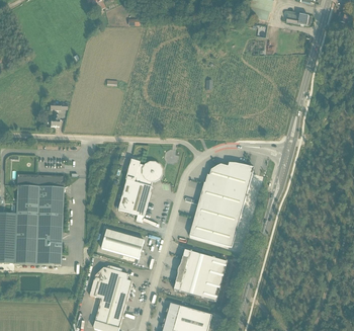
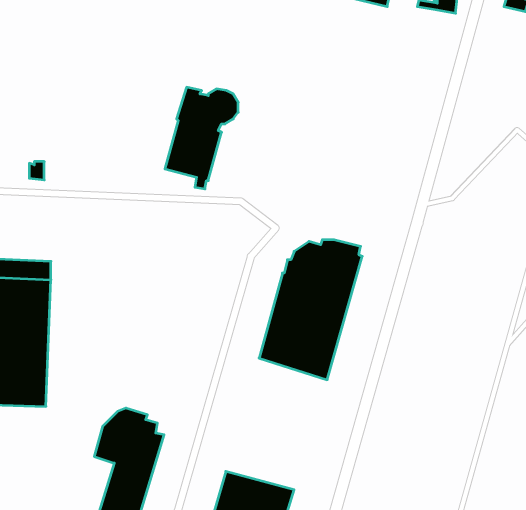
building: [117,160,162,222] -> [165,87,238,189]
building: [101,230,143,258] -> none
building: [173,250,227,302] -> none

